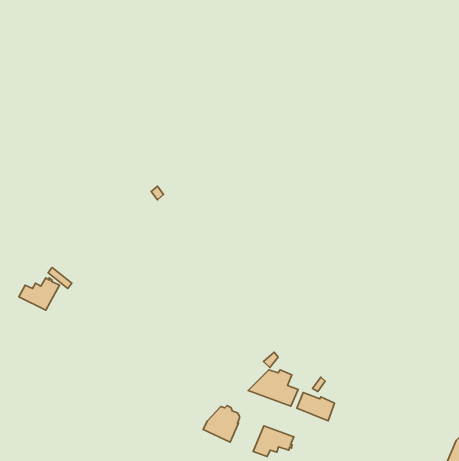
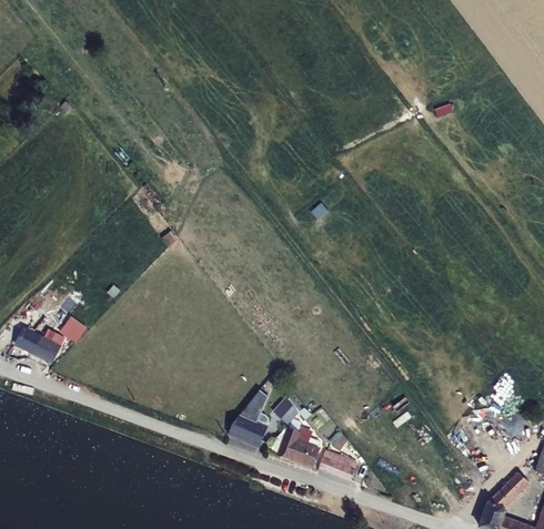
building: [203,406,240,442] -> [230,405,269,444]
building: [253,426,294,457] -> none

